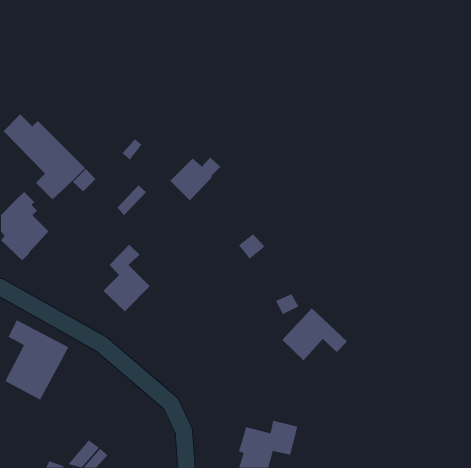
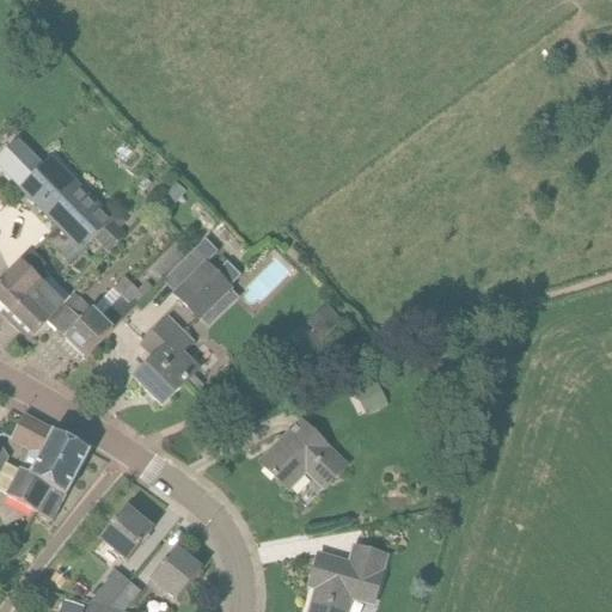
building: [170,157,221,201] -> [173,259,240,317]
building: none -> [39,274,155,356]
building: [281,307,348,361] -> [261,418,347,488]
building: none -> [100,507,153,558]
building: none -> [151,546,202,598]

